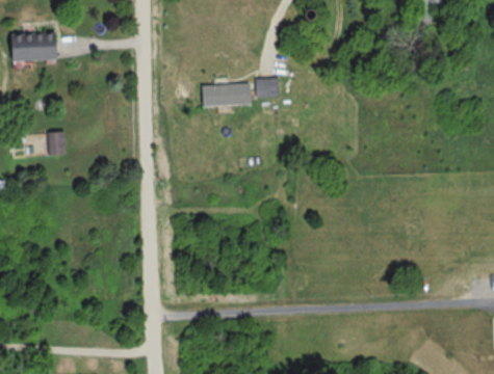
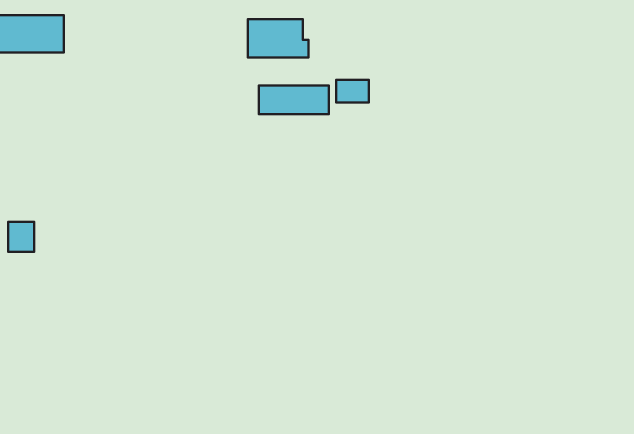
building: none -> [248,19,309,57]
building: [48,132,67,154] -> [8,222,34,252]

